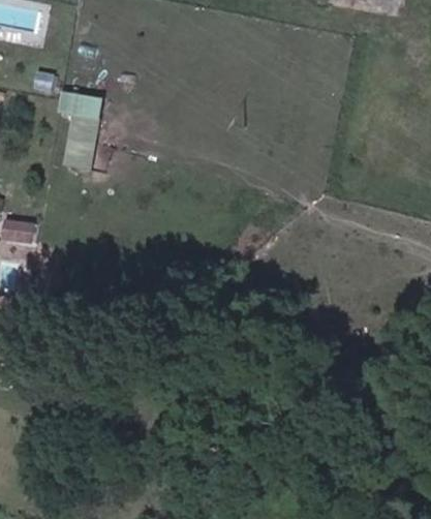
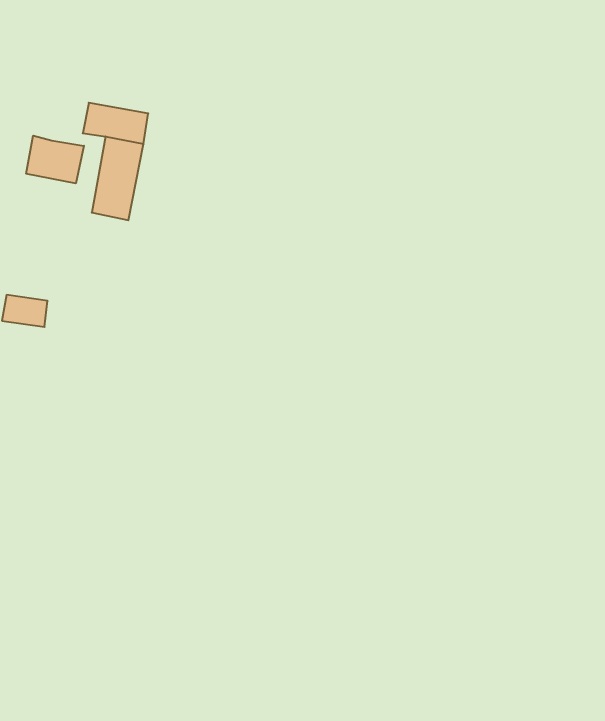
building: none -> [26,136,84,183]

